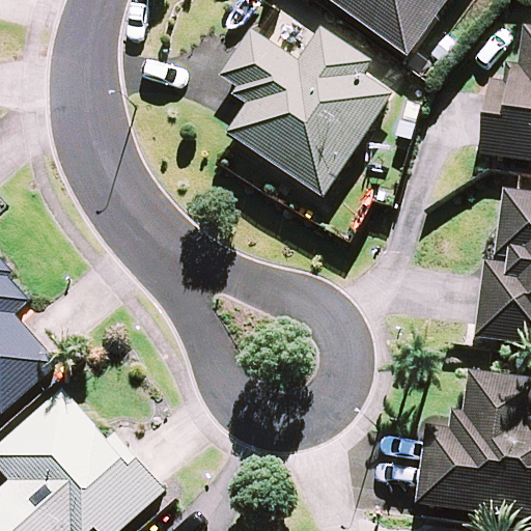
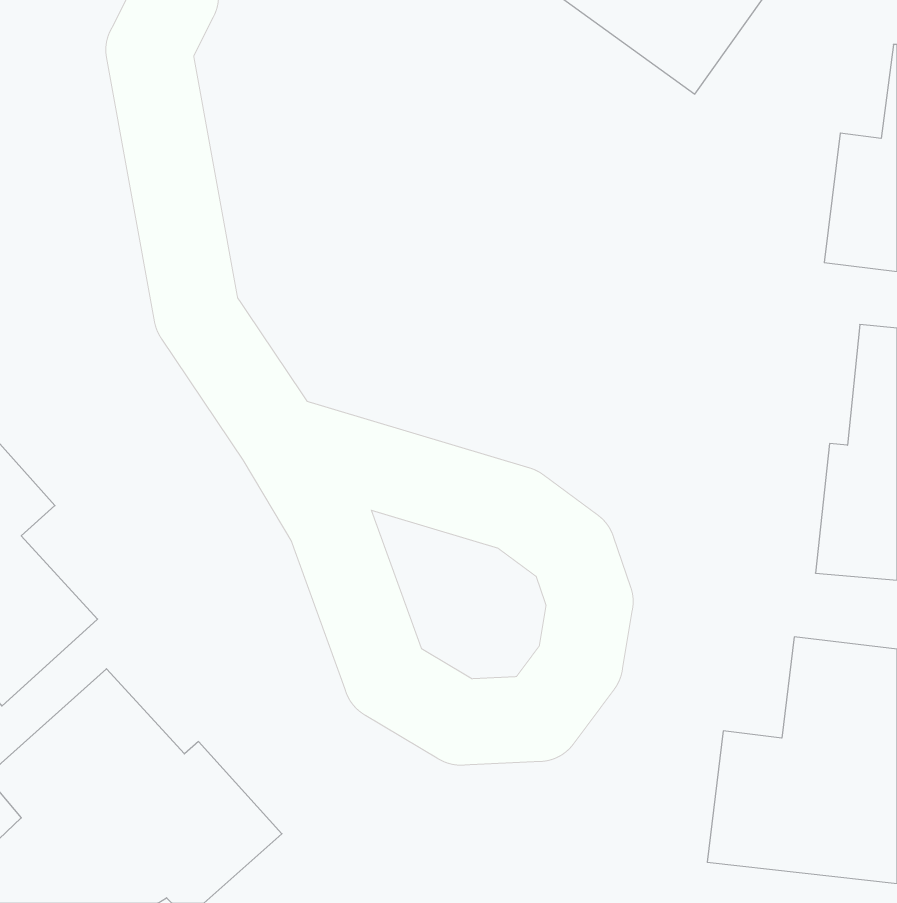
building: [221,29,389,194] -> none

